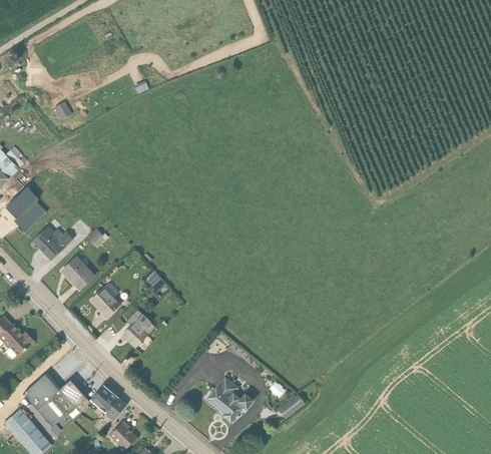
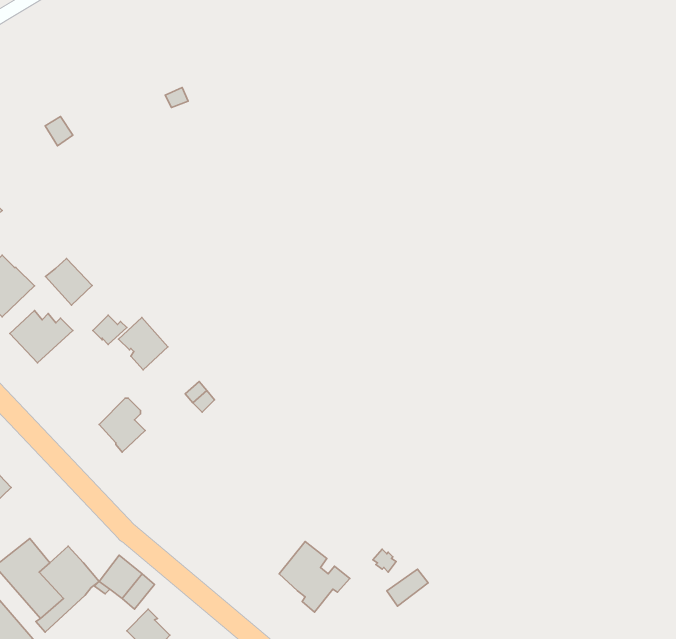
building: none -> [45,259,92,305]
building: [62,256,94,290] -> [119,318,168,370]
building: [122,310,154,347] -> none

